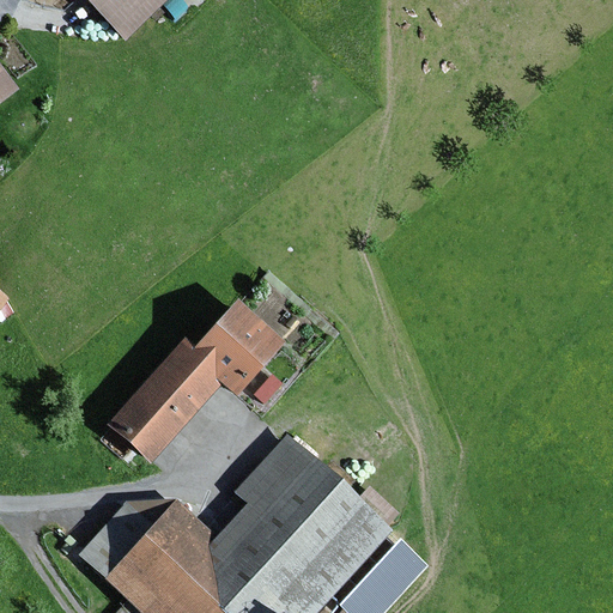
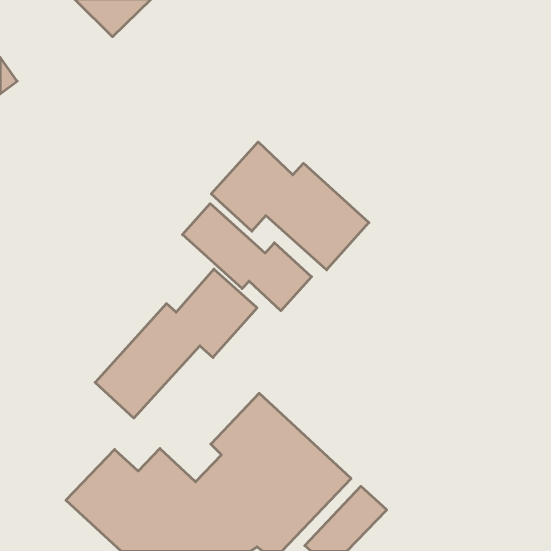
building: none -> [211,142,369,270]
building: none -> [182,204,312,311]

